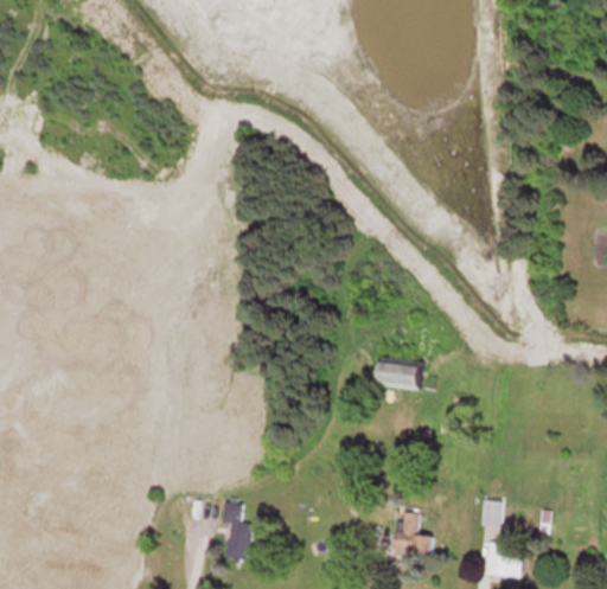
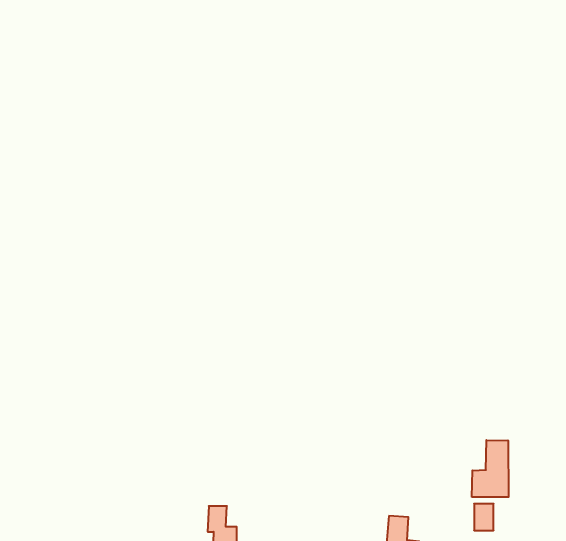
building: [377,363,421,388] -> none
building: none -> [472,440,509,497]

